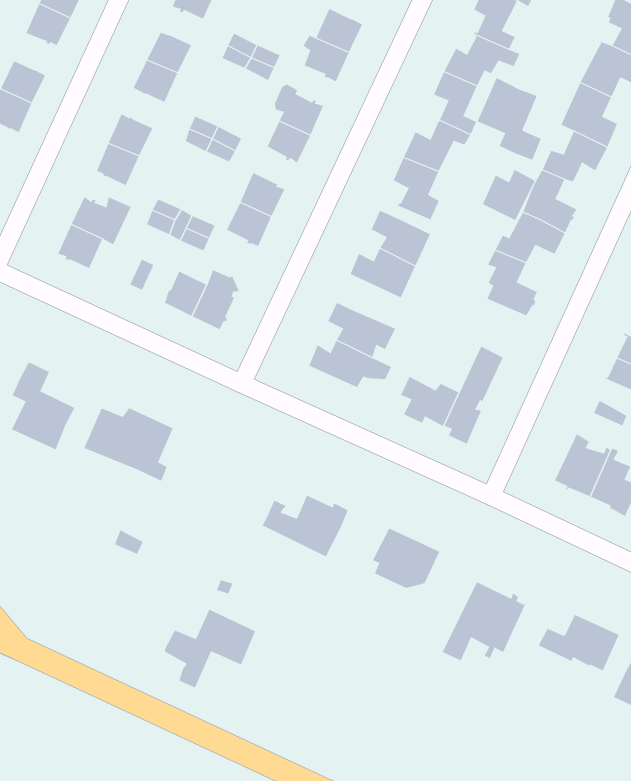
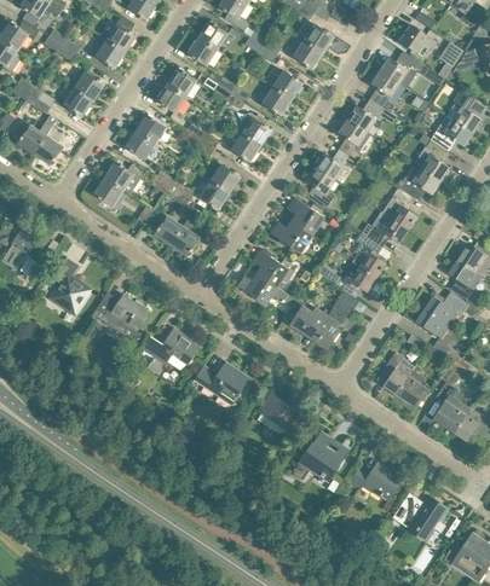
building: [477,77,541,160] -> none
building: [482,169,536,221] -> none
building: none -> [329,267,375,291]
building: [164,609,256,688] -> [142,326,200,373]

